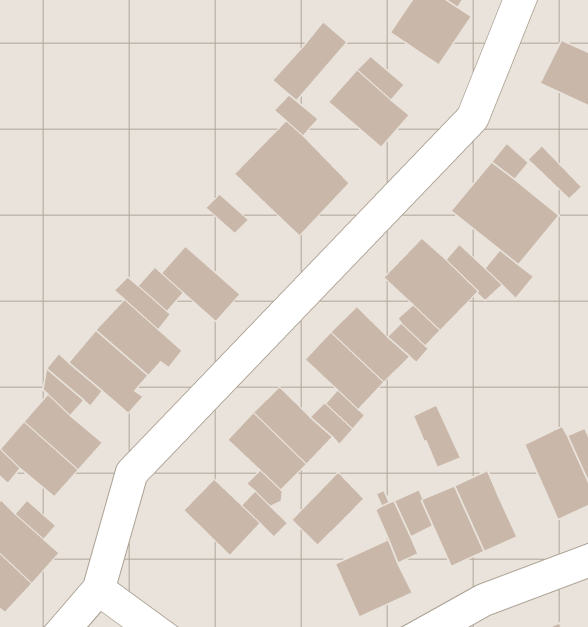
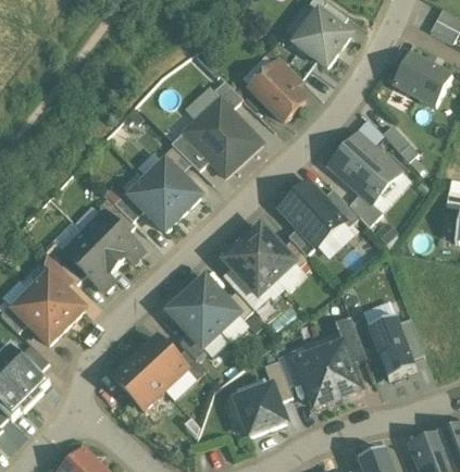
building: [273,22,347,101] -> none
building: none -> [170,131,209,170]
building: none -> [147,160,199,212]
building: [413,405,461,467] -> [334,316,364,359]
building: [292,472,364,545] -> none
building: none -> [112,356,164,408]

